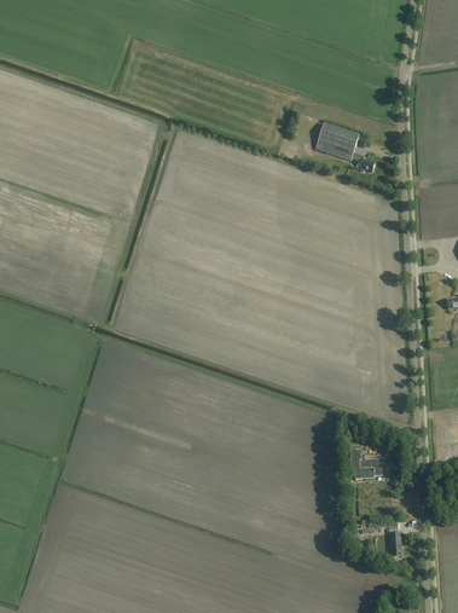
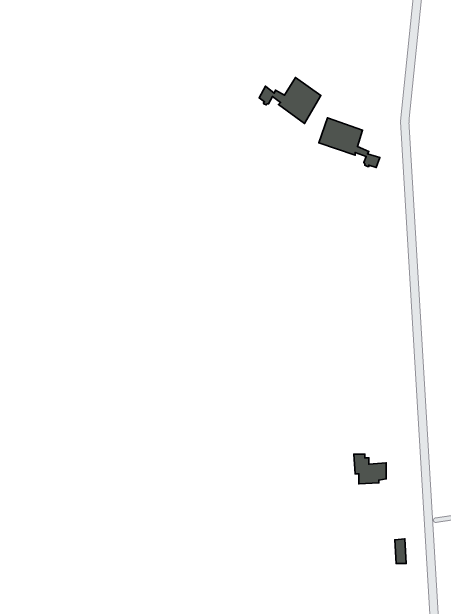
building: none -> [259,77,321,123]

